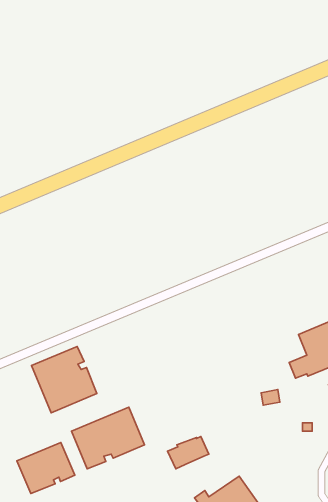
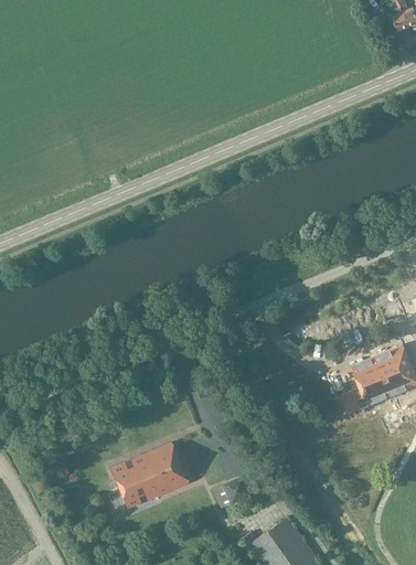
building: [32,346,97,413] -> none
building: [17,442,75,494] -> none

